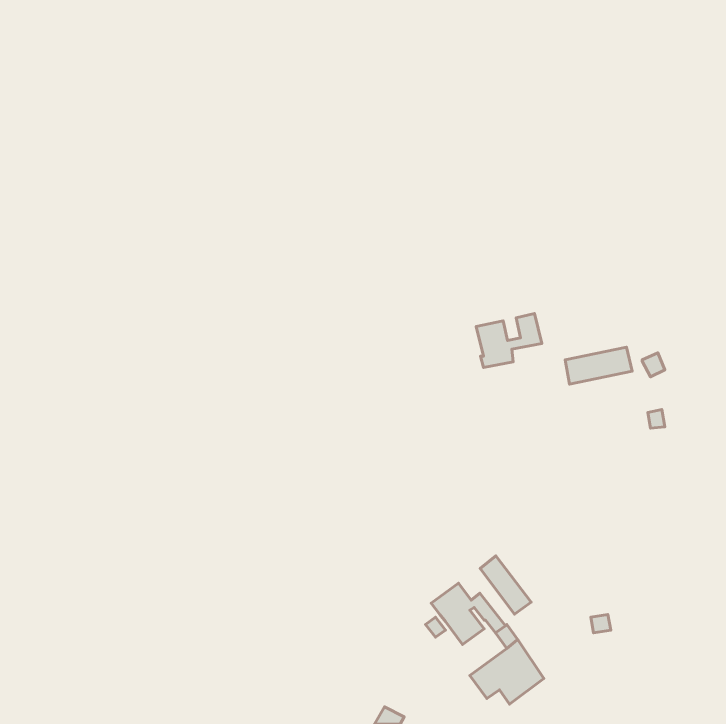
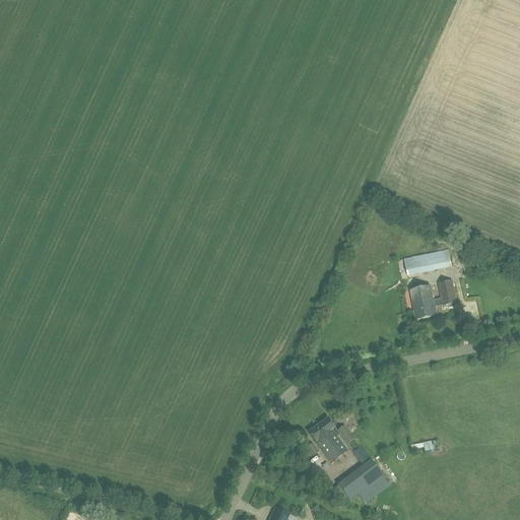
building: [476,314,542,368] -> [409,279,456,318]
building: [480,556,531,614] -> none

